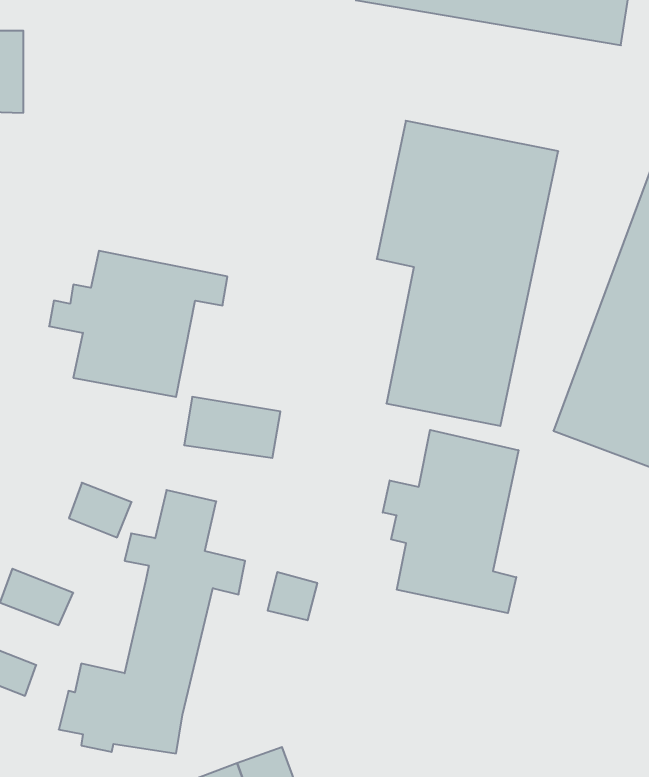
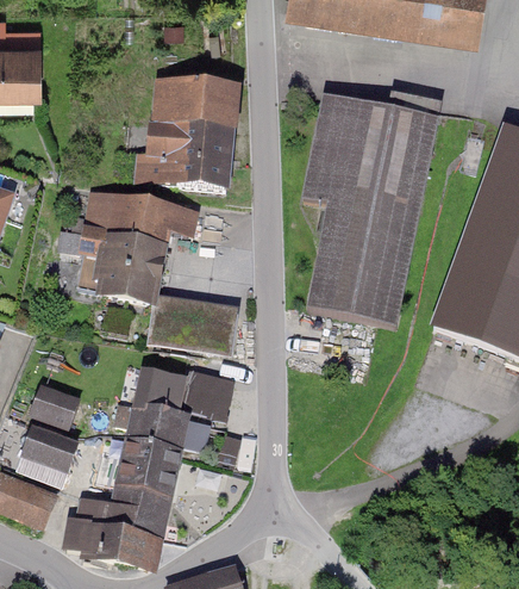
building: none -> [148,82,233,190]
building: [383,430,518,613] -> none
building: [69,483,132,537] -> [31,389,77,429]
building: none -> [182,371,230,418]

